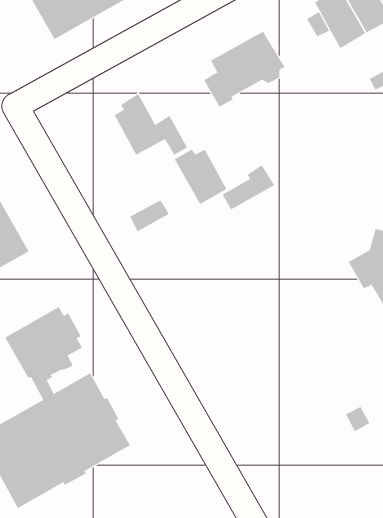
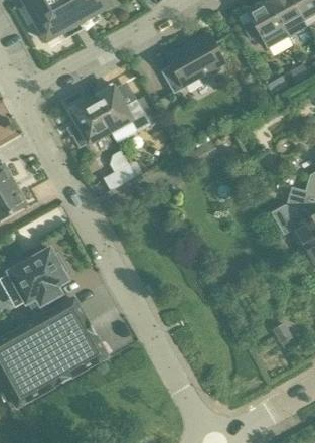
building: [174,149,227,205] -> [68,99,110,142]

